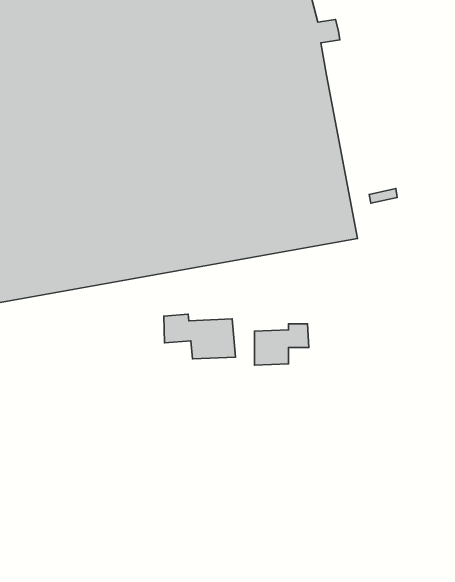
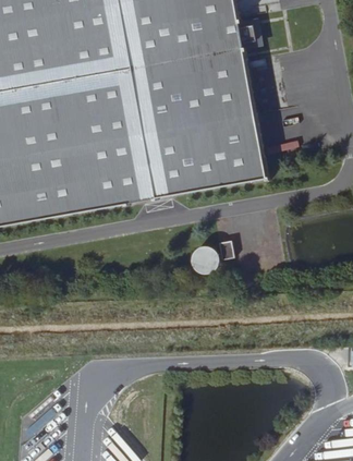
building: [164,314,236,359] -> none

